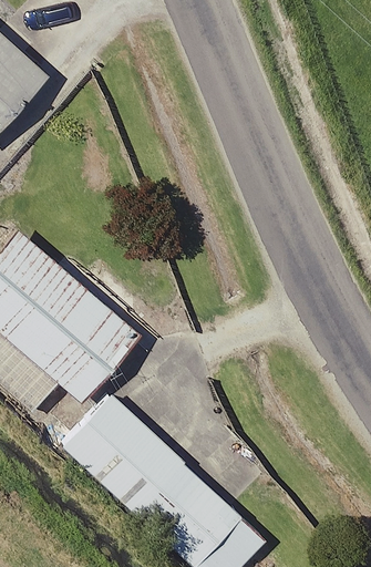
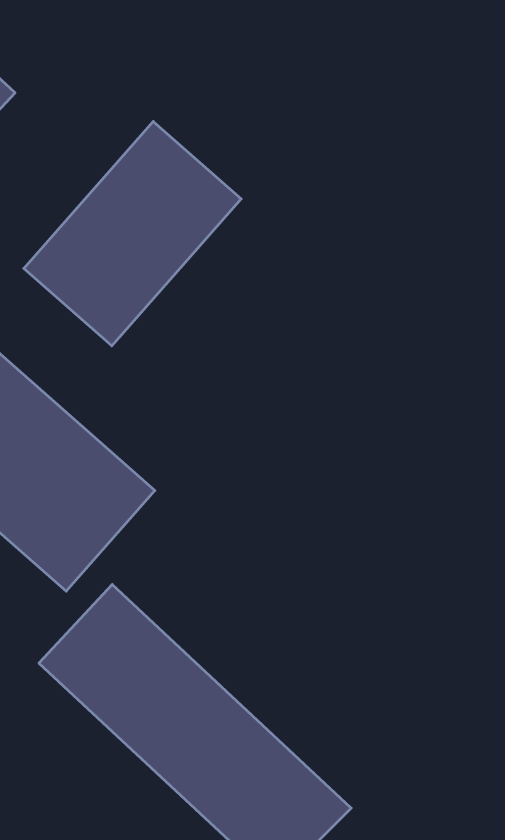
building: none -> [24,121,241,346]

